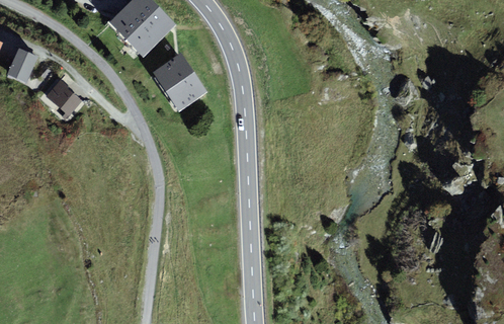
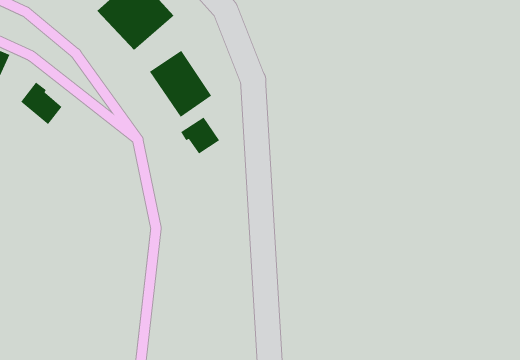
building: none -> [180,117,220,154]

